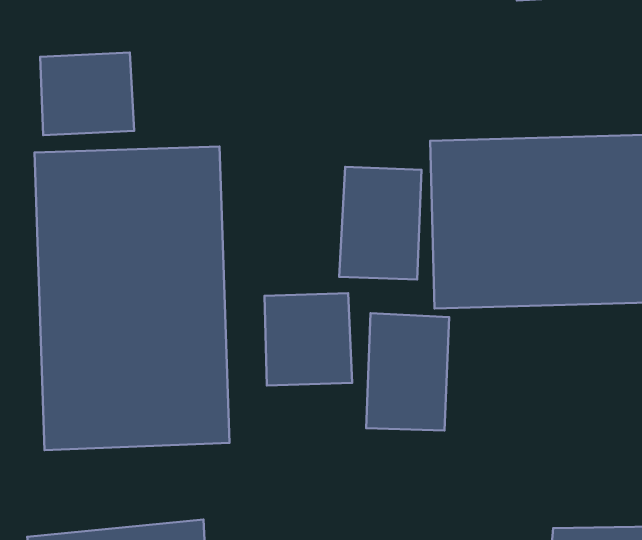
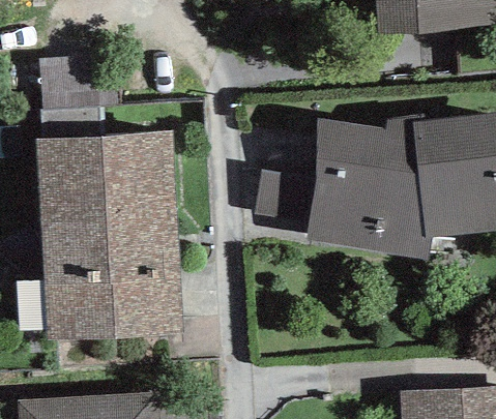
building: [264,293,352,386] -> none
building: [366,313,449,430] -> none

